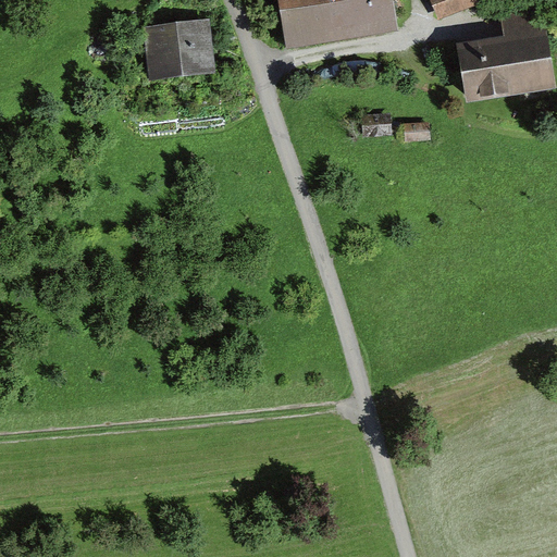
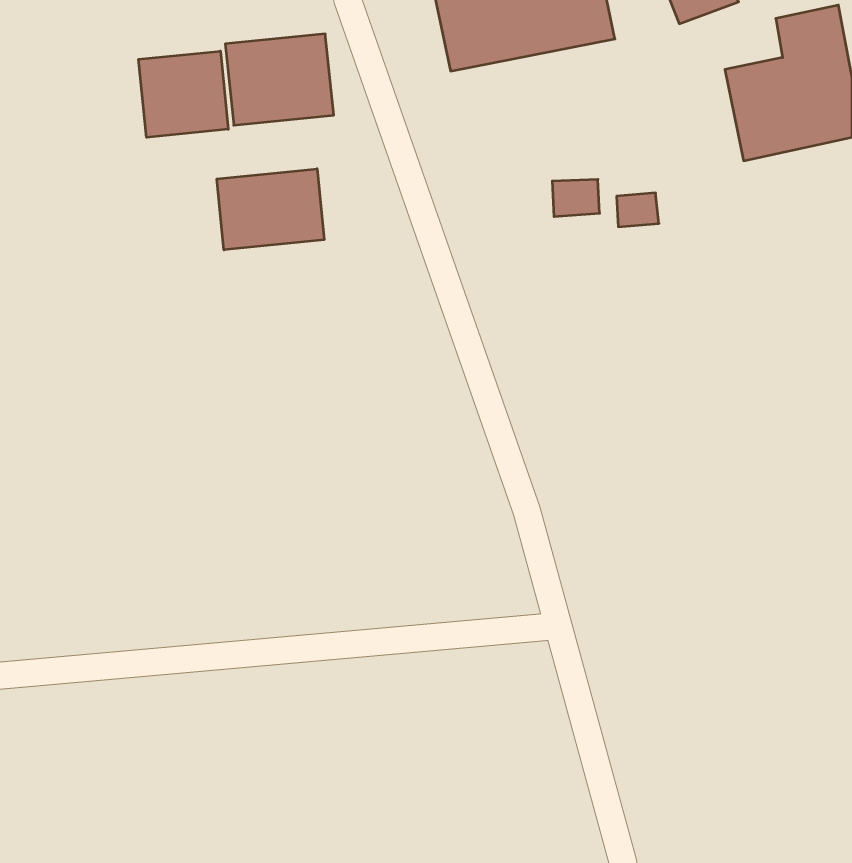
building: none -> [139,51,228,137]
building: none -> [217,169,324,250]

